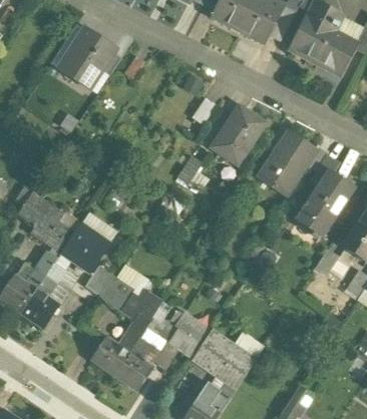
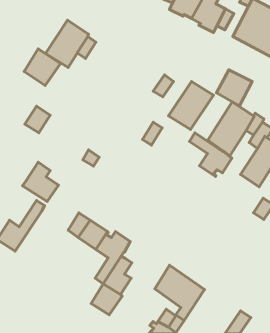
building: none -> [24,49,60,86]
building: none -> [216,70,252,106]
building: none -> [190,133,232,176]
building: [18,192,49,226] -> [25,106,50,133]
building: [60,223,110,273] -> none
building: [21,263,70,328] -> none
building: [167,311,211,359] -> none
building: [91,338,129,377] -> none

